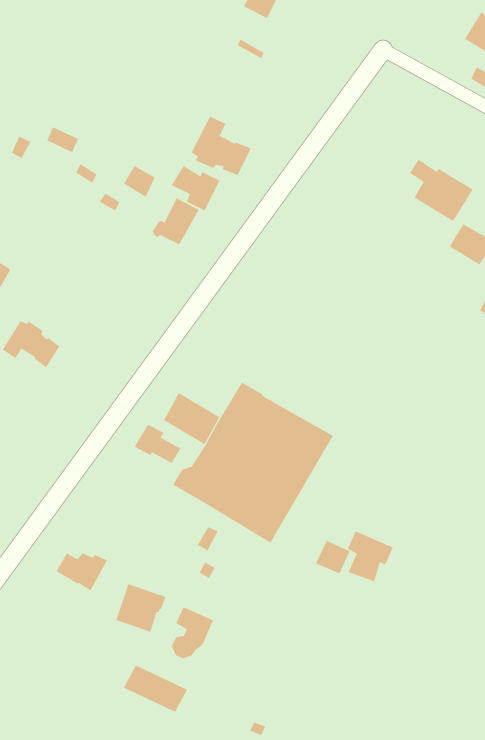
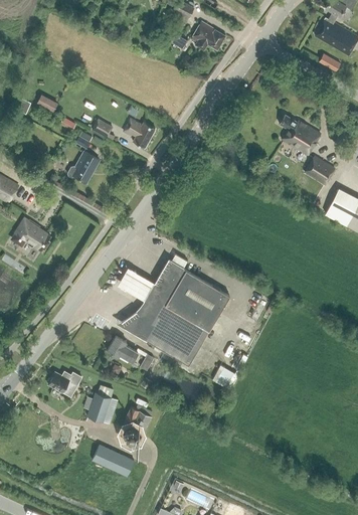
building: none -> [191,21,225,50]
building: [191,116,252,176] -> none
building: [152,197,199,245] -> [67,151,99,182]
building: [134,424,181,464] -> [107,336,138,362]
building: [347,531,393,582] -> none

